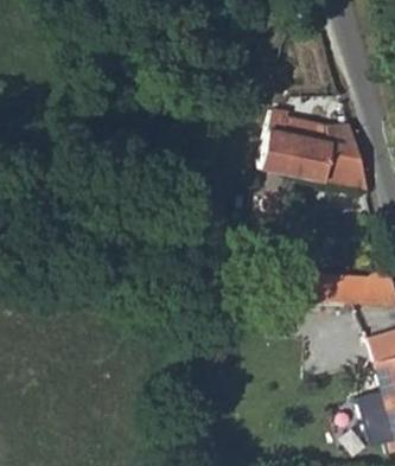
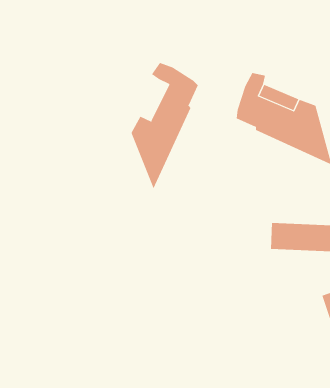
building: none -> [131,62,199,189]

